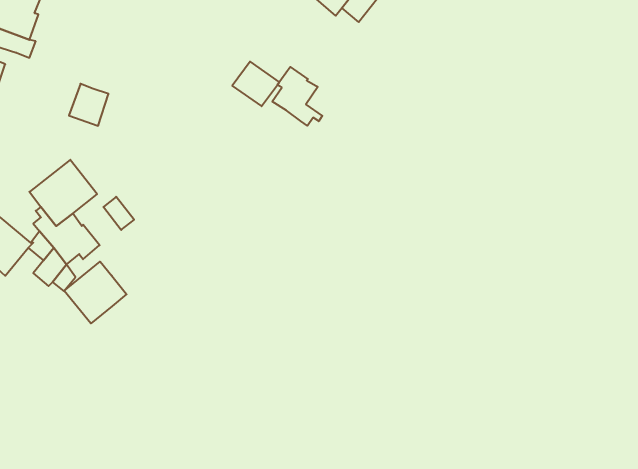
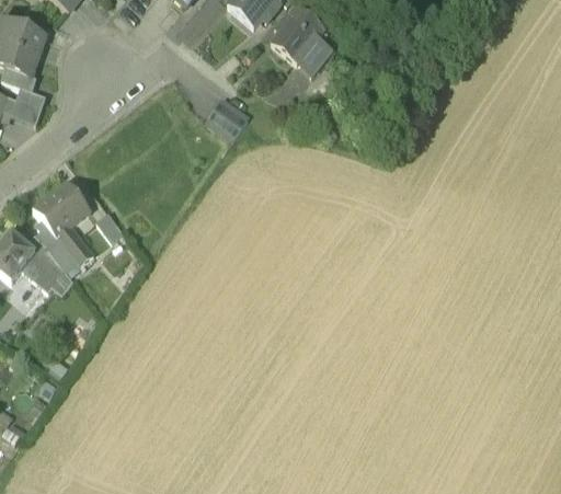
building: [272,67,322,126] -> none
building: [69,84,109,126] -> [11,89,45,125]
building: [64,262,127,323] -> none

